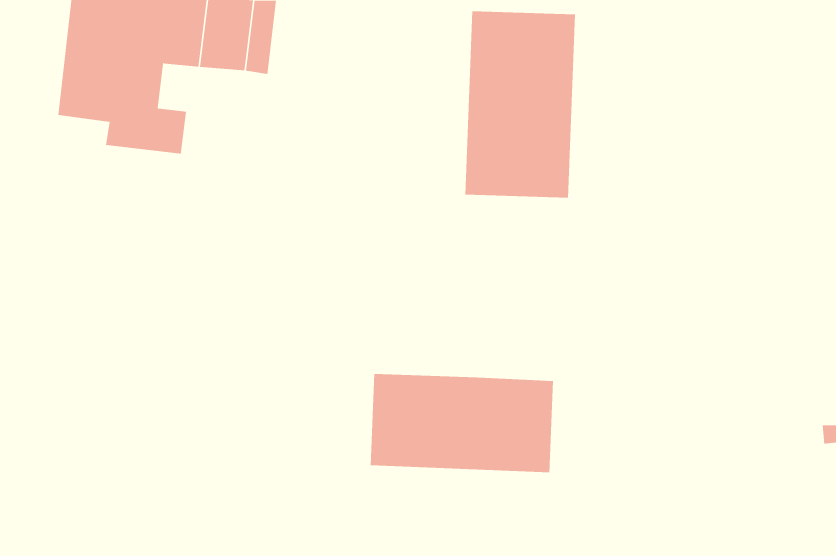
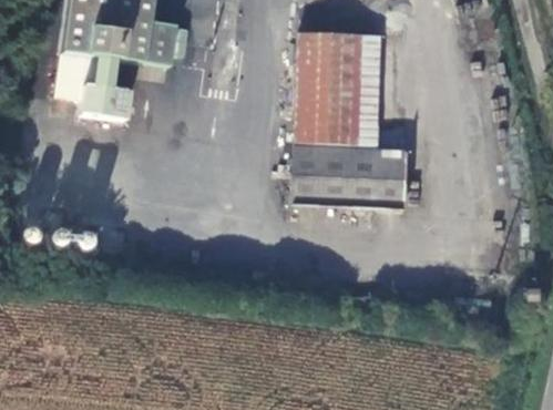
building: [370,374,554,473] -> [301,142,417,204]

